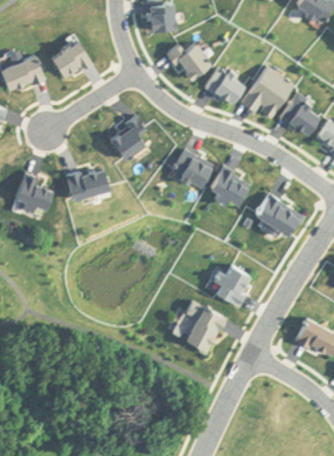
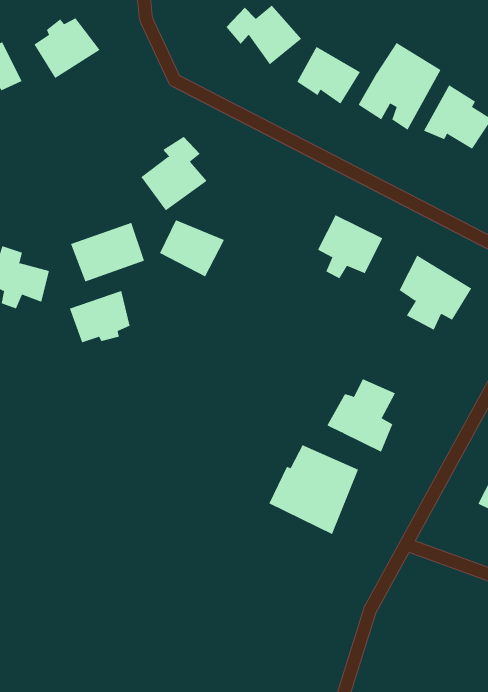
building: [173,151,212,186] -> [159,219,225,277]
building: none -> [69,290,130,343]

